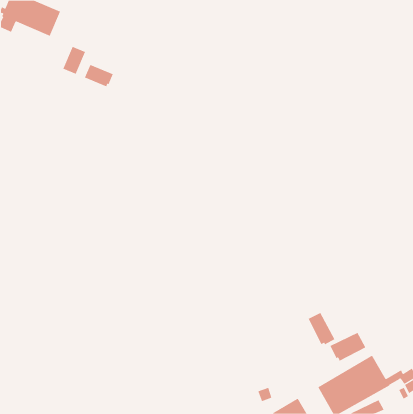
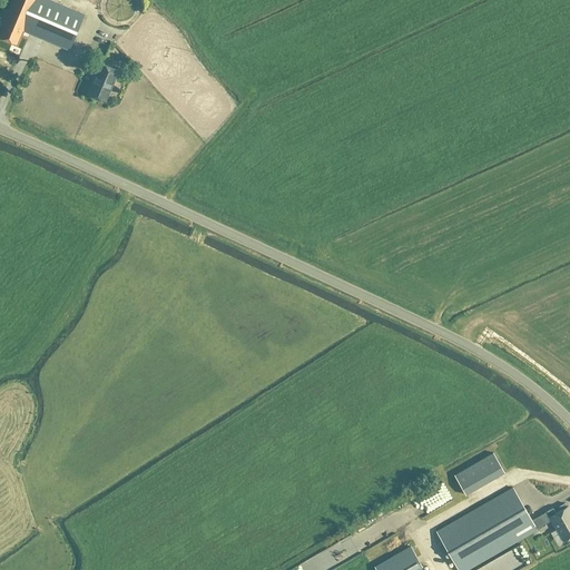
building: [84,64,114,87] -> none
building: [308,312,335,345] -> none

